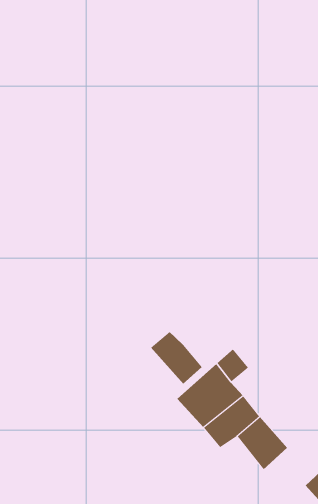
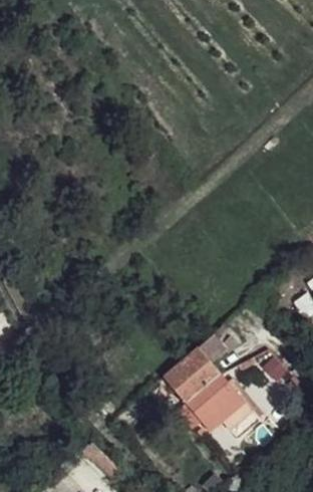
building: [150,331,202,385] -> none

